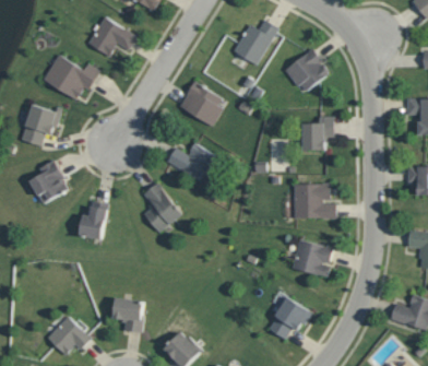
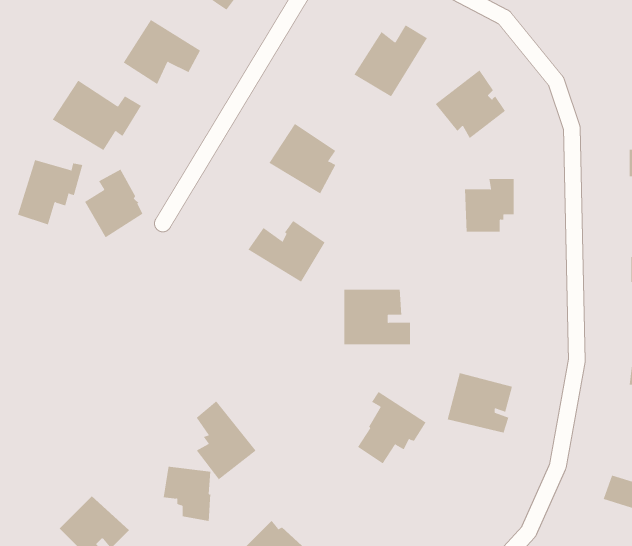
building: [29,161,67,204] -> [84,169,143,238]
building: [142,182,180,233] -> [196,400,256,480]
building: [293,184,335,219] -> [343,289,411,345]
building: [78,201,107,240] -> none
building: [268,294,311,340] -> [357,391,427,464]

